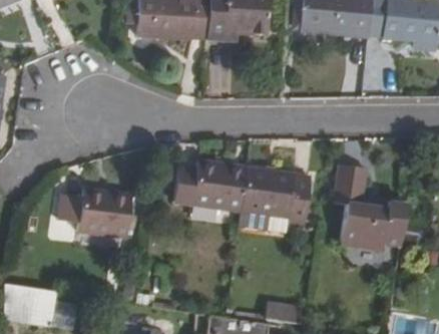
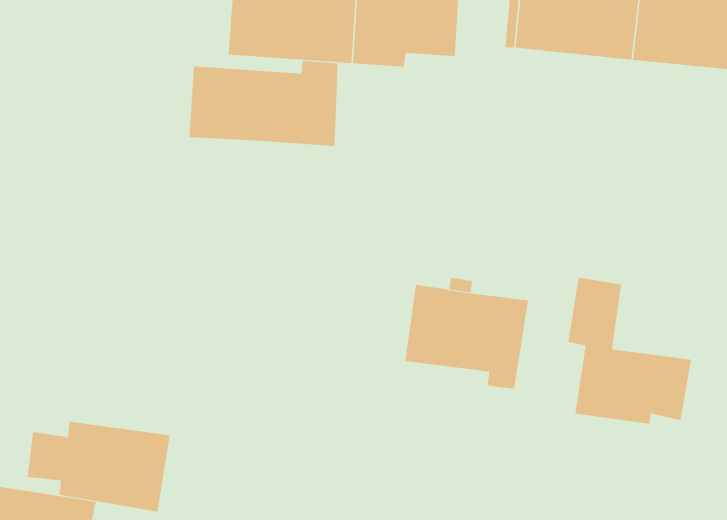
building: none -> [189,60,338,147]
building: [173,159,246,211] -> none
building: [56,185,138,237] -> [27,421,171,512]

